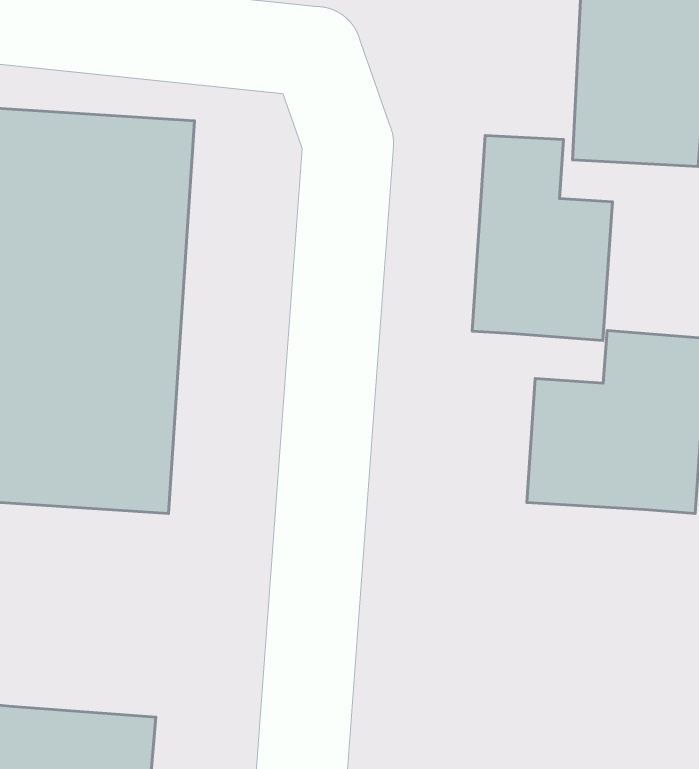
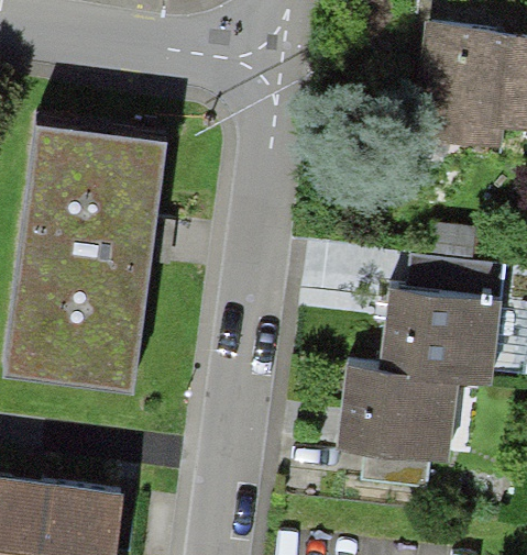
building: [472,136,612,341] -> none
building: none -> [331,364,450,489]

